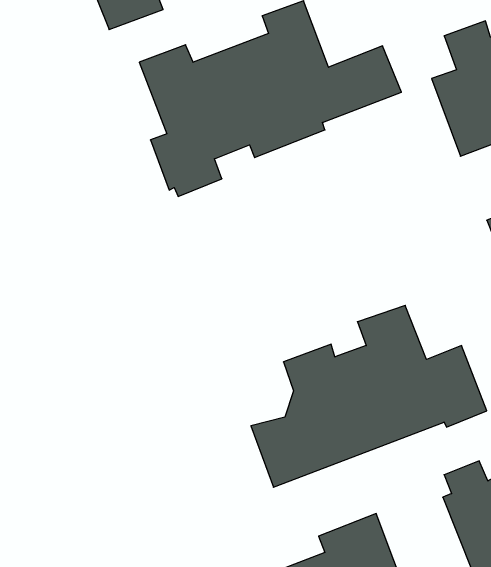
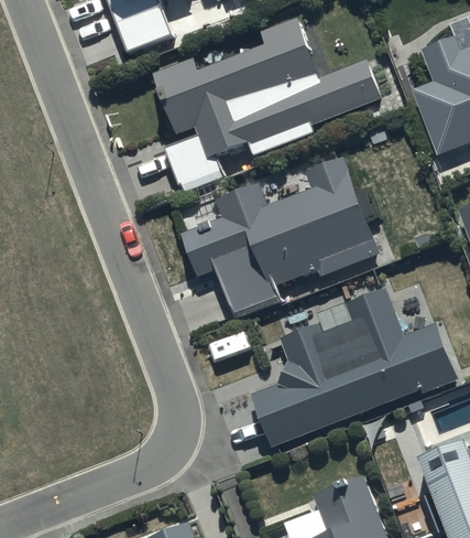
building: none -> [181,157,380,320]

